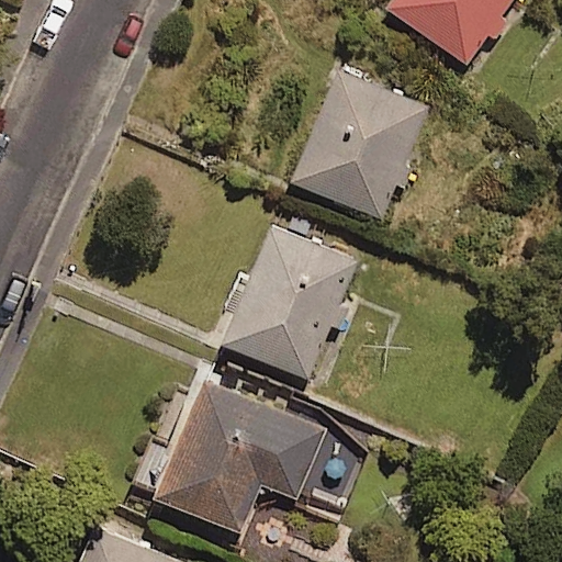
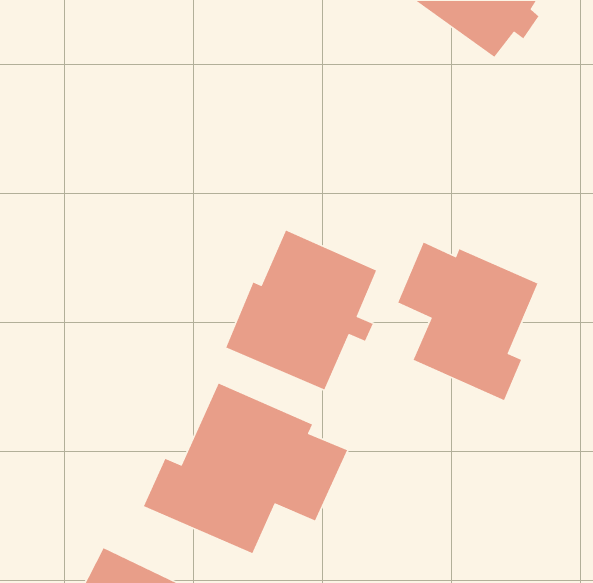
building: [290,68,427,216] -> none
building: none -> [397,241,539,401]

